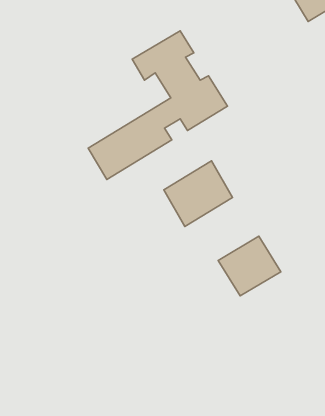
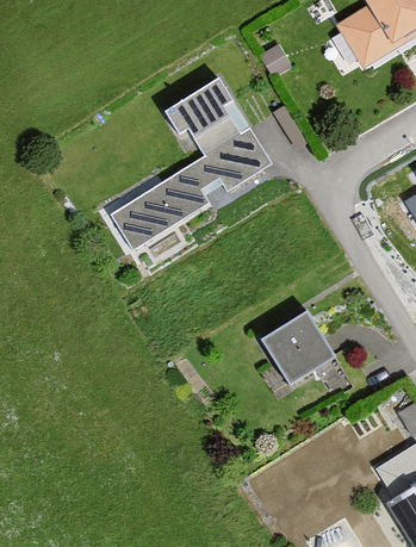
building: [164,161,233,226] -> none

